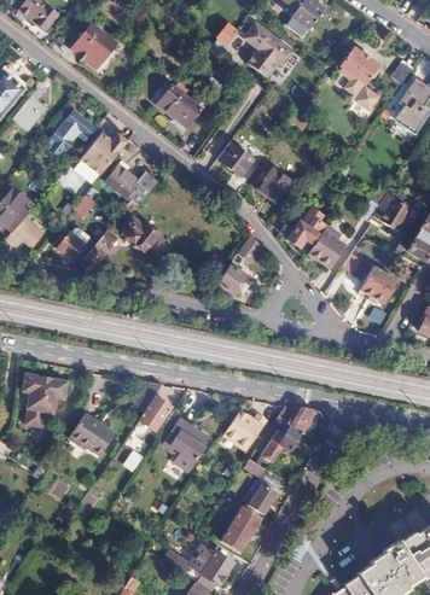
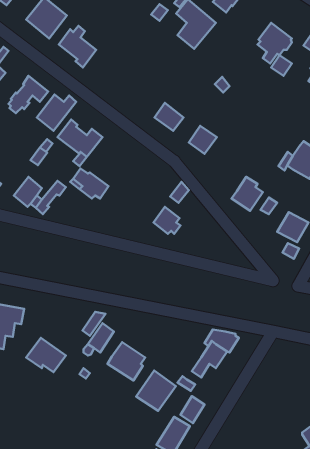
building: [157,82,201,130] -> [59,26,96,68]
building: [283,206,327,247] -> none
building: [220,403,266,450] -> [136,370,176,411]

